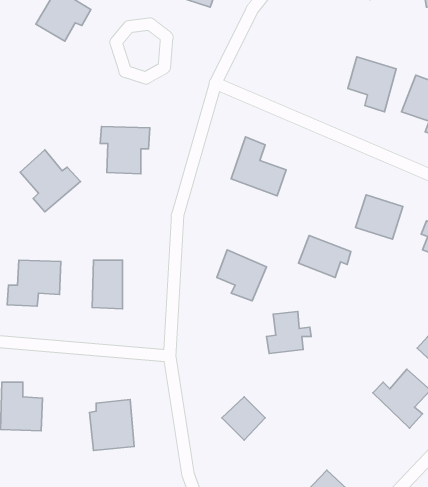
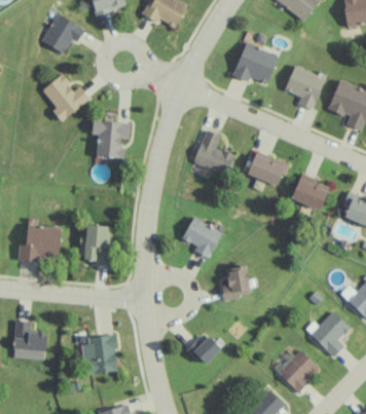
building: none -> [233,43,277,82]
building: [20,150,80,212] -> [41,73,88,121]
building: [299,236,351,278] -> [247,152,288,185]
building: none -> [277,348,318,391]

